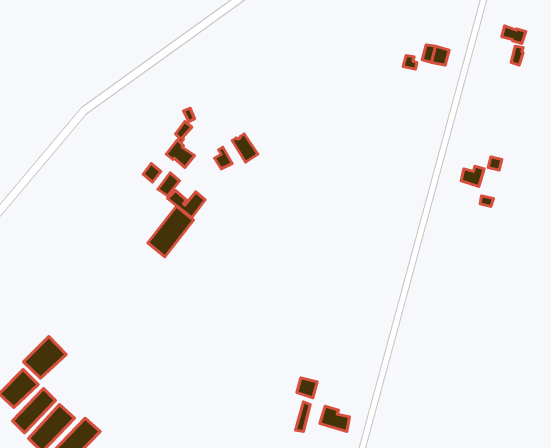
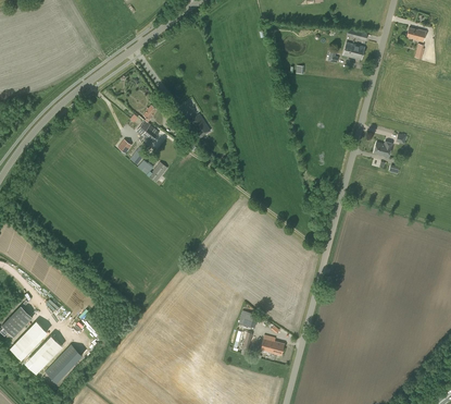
building: [148,206,193,257] -> none
building: [24,337,66,378] -> none

